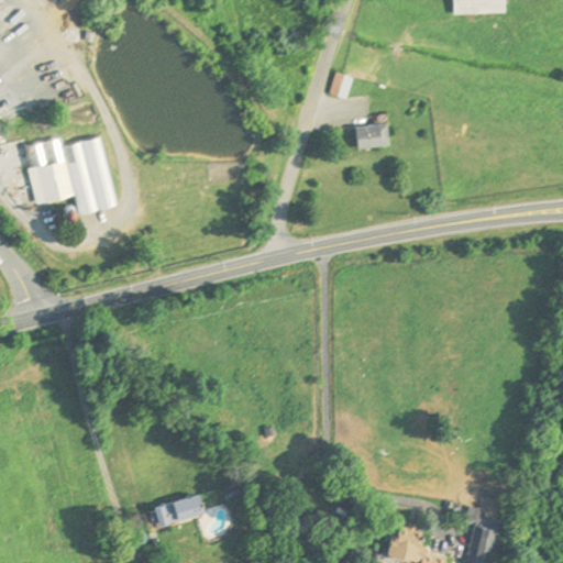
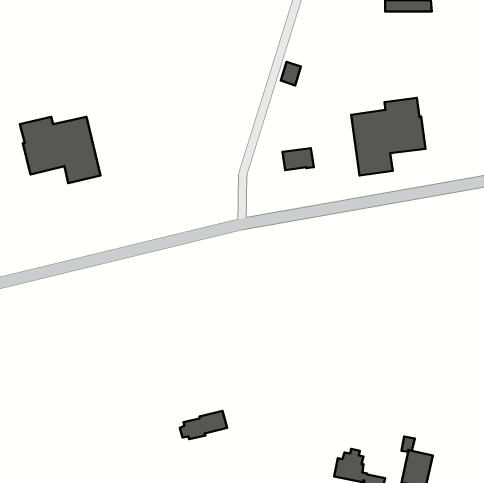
building: none -> [351,98,425,175]
building: [355,124,391,150] -> [282,148,314,170]
building: [150,494,205,527] -> [180,411,227,439]

